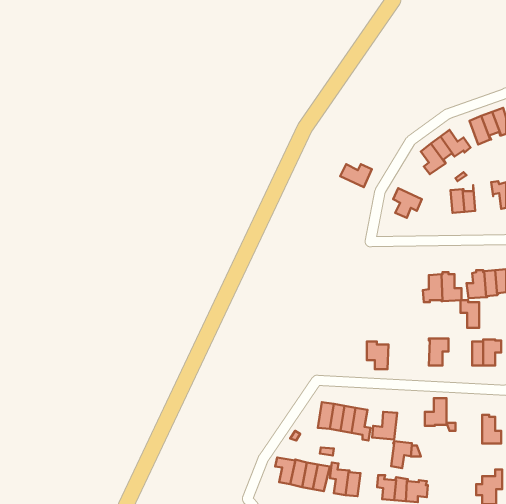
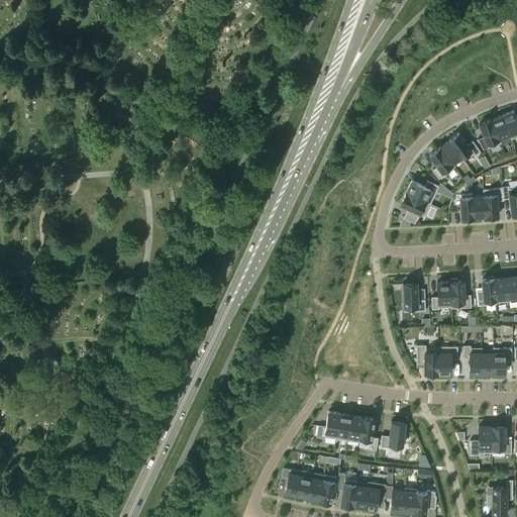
building: [340,164,372,187] -> [406,182,438,205]
building: none -> [483,188,503,217]
building: none -> [403,284,425,312]
building: [460,300,479,328] -> [462,346,482,375]
building: [367,341,389,369] -> [416,346,438,375]
building: [425,398,447,426] -> [470,427,492,455]
building: [391,441,412,468] -> [365,483,386,510]

